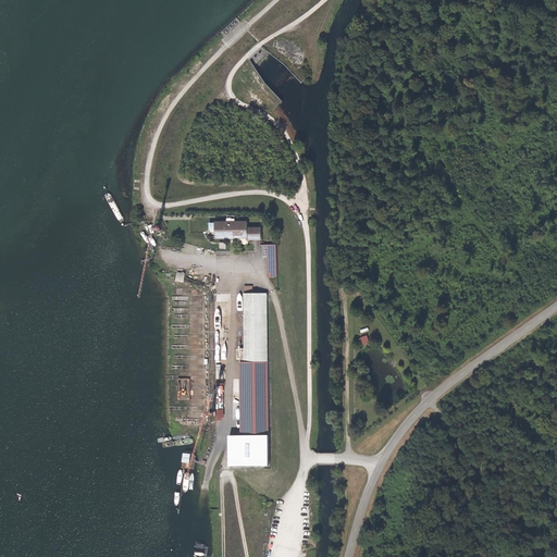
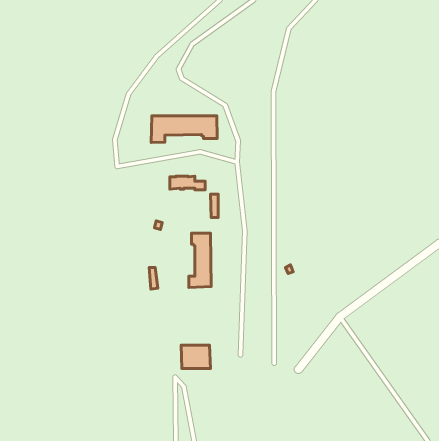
building: none -> [151,116,217,142]
building: [238,361,268,435] -> none

